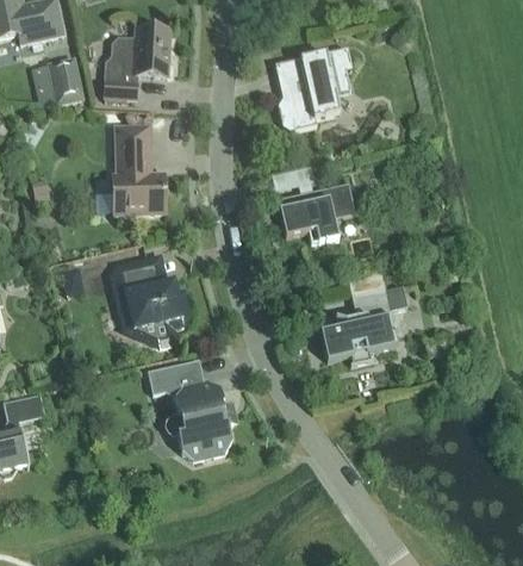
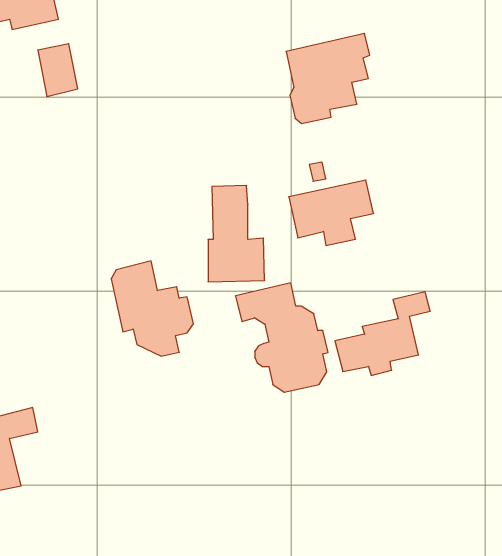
building: [102,23,169,98] -> none
building: [112,124,164,213] -> [208,185,265,282]
building: [147,359,232,460] -> [235,283,328,392]

